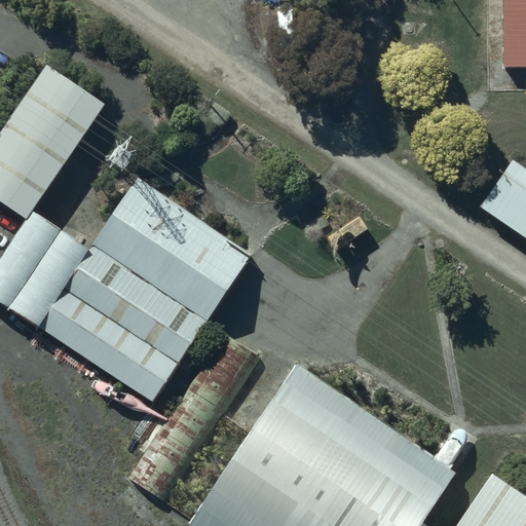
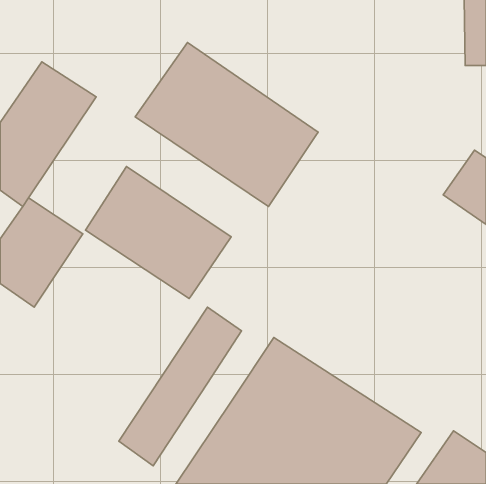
building: none -> [135,43,318,206]
building: [39,249,204,403] -> none

